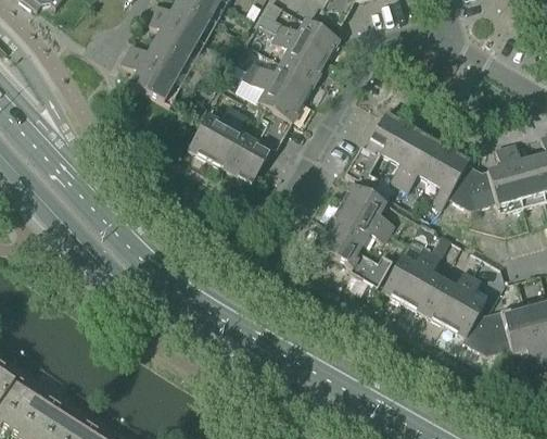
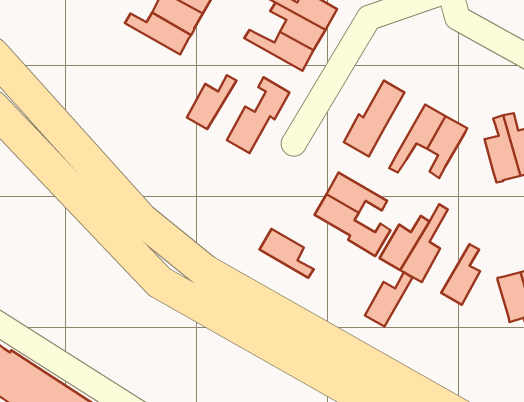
building: [123,51,182,103] -> none
building: [237,66,305,121] -> none
building: [209,109,247,168] -> none
building: [387,121,428,183] -> none
building: [448,161,496,208] -> none
building: [341,180,395,229] -> [260,229,314,278]
building: [424,267,472,322] -> [365,272,413,326]
building: [462,300,511,352] -> none

